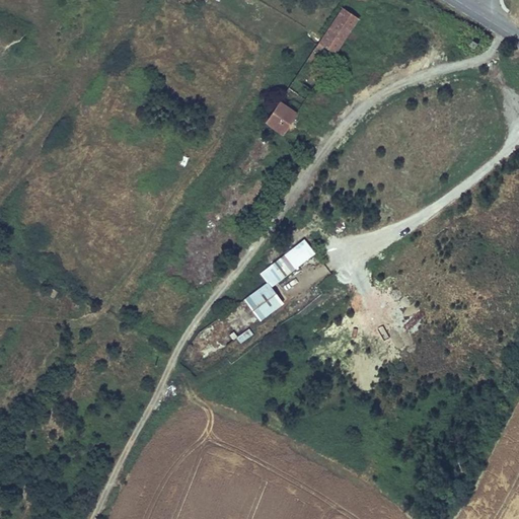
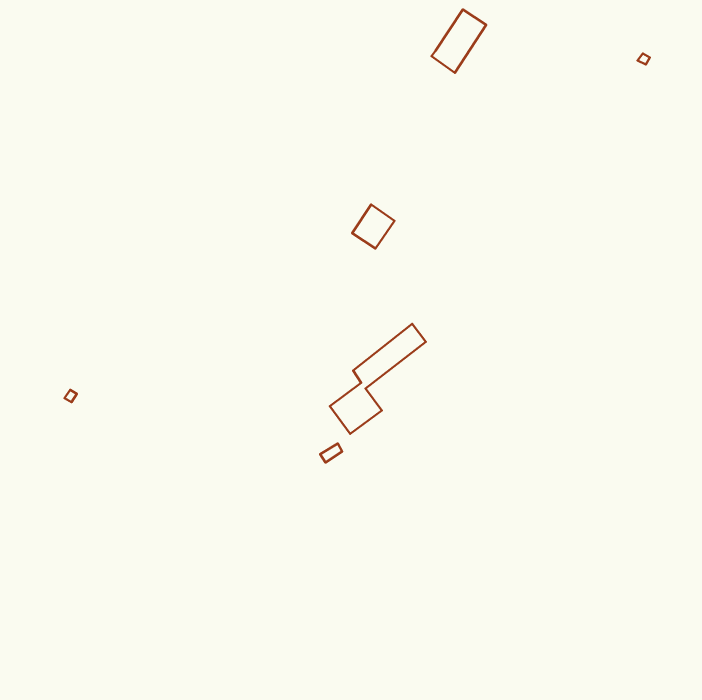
building: [266,100,297,133] -> [352,204,395,248]

